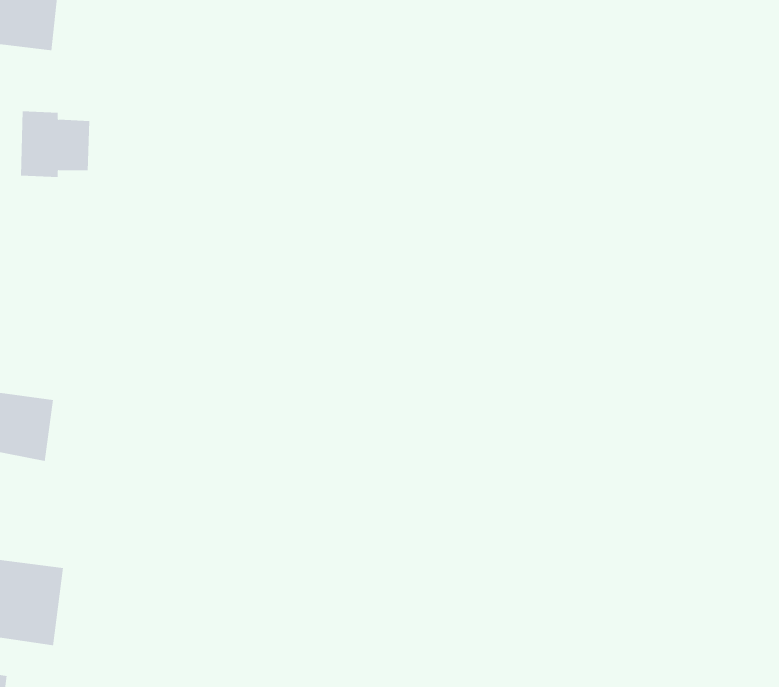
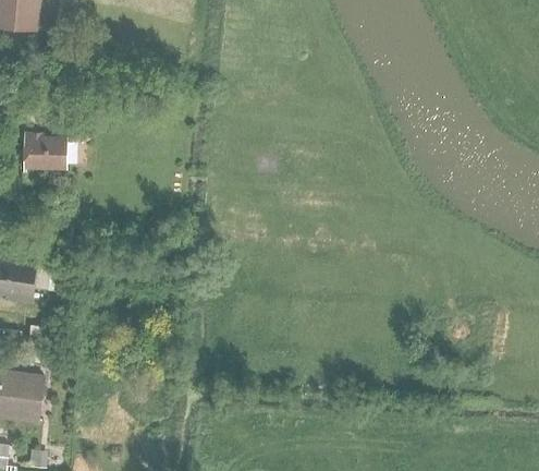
building: [20,111,90,177] -> [20,132,65,176]

